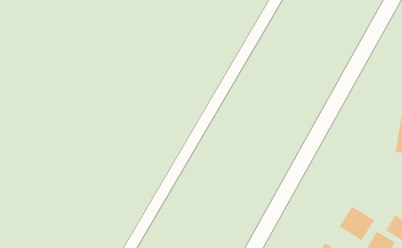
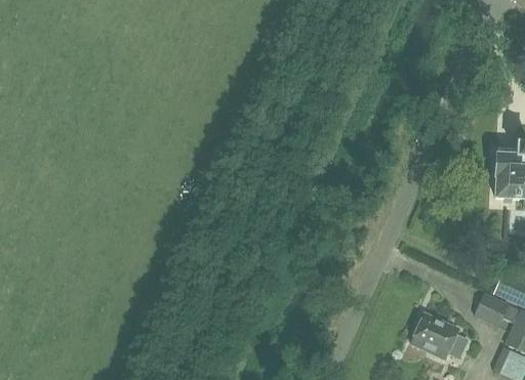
building: [339,206,375,241] -> none

